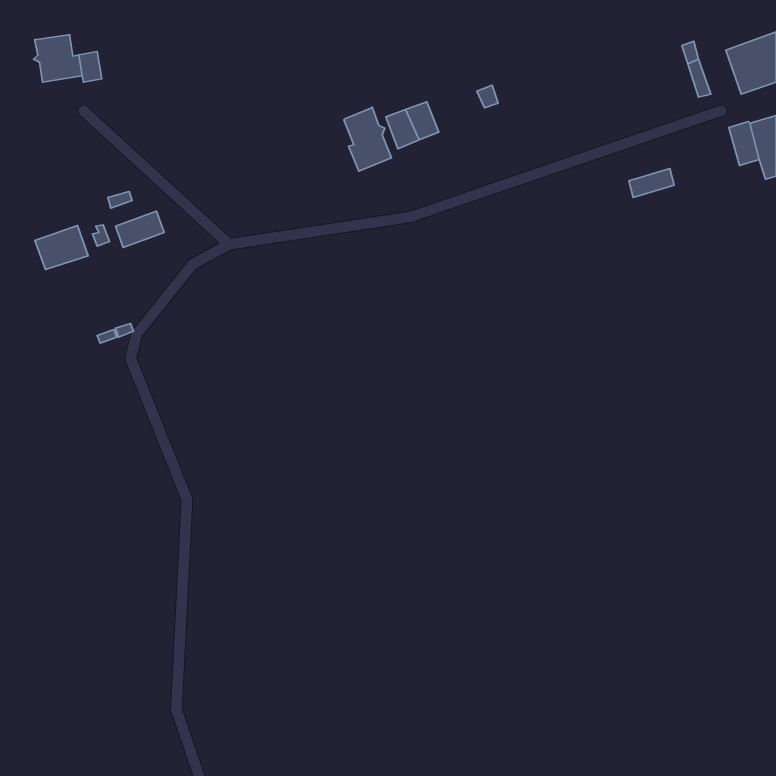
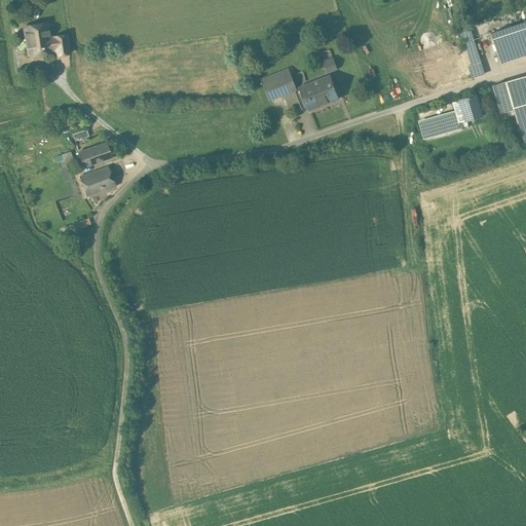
building: [344,107,391,171] -> none
building: none -> [300,77,338,109]
building: none -> [453,96,482,122]
building: [35,225,88,269] -> [79,166,115,196]

